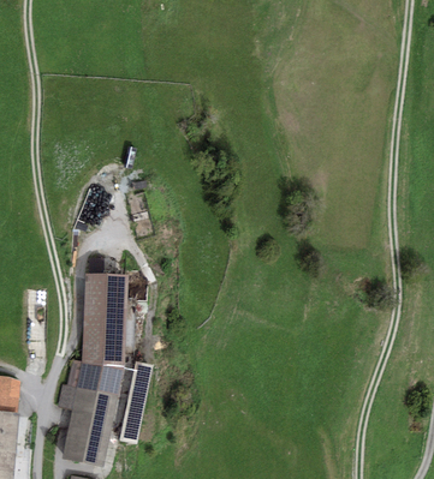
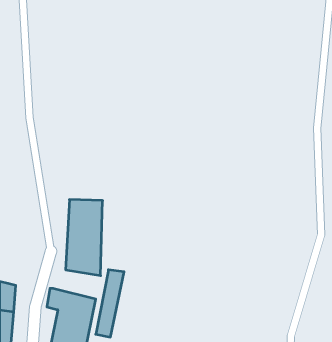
building: [66,360,125,397] -> none

